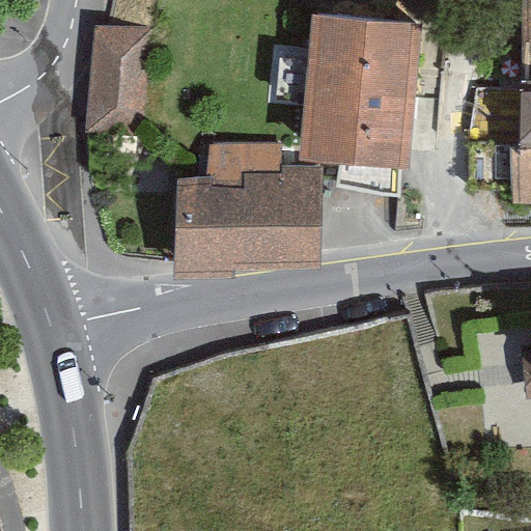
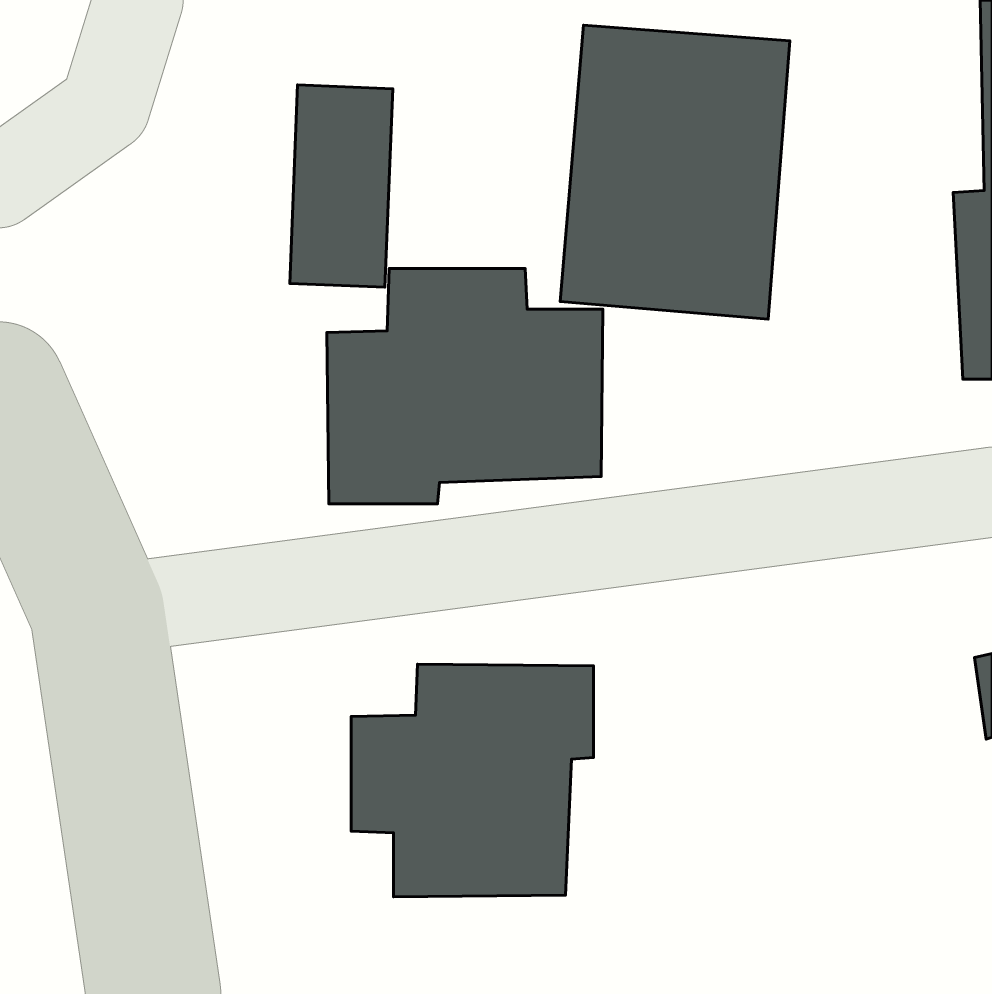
building: [89,26,144,134] -> [290,85,393,287]
building: none -> [351,664,594,897]

